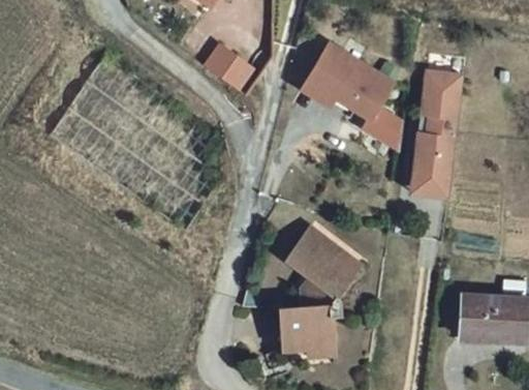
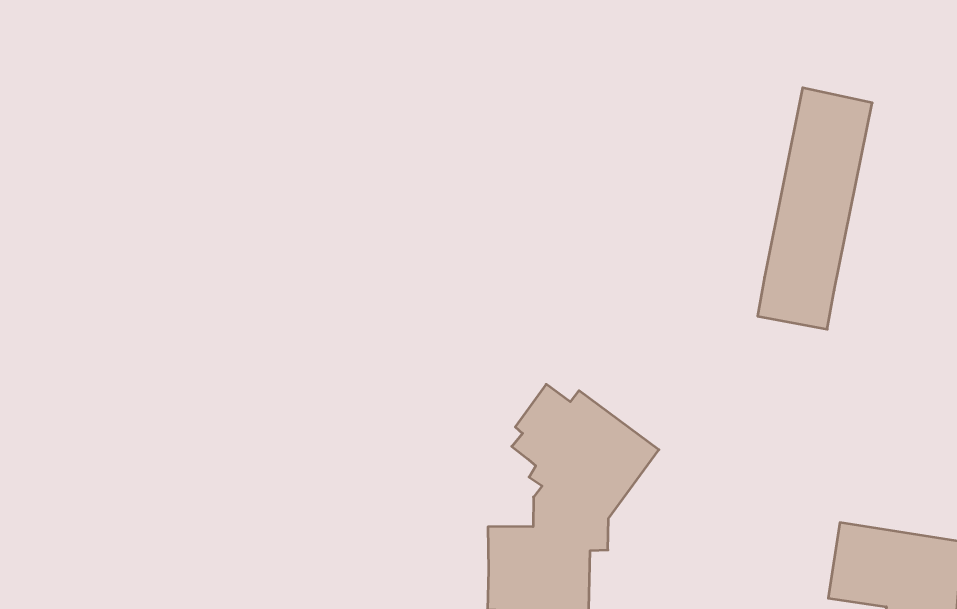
building: [303,43,402,148] -> none
building: [201,49,250,94] -> none

